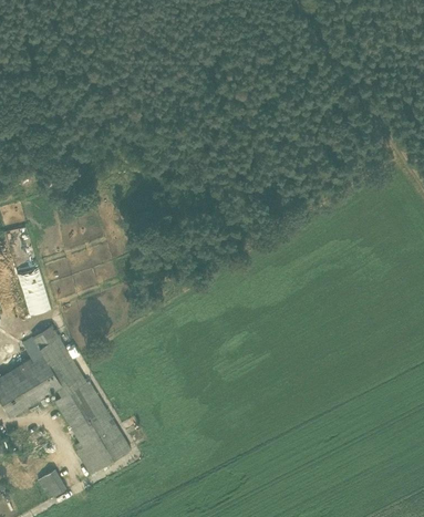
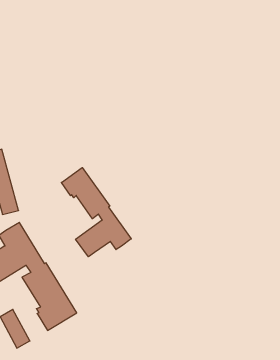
building: none -> [61,168,131,257]

